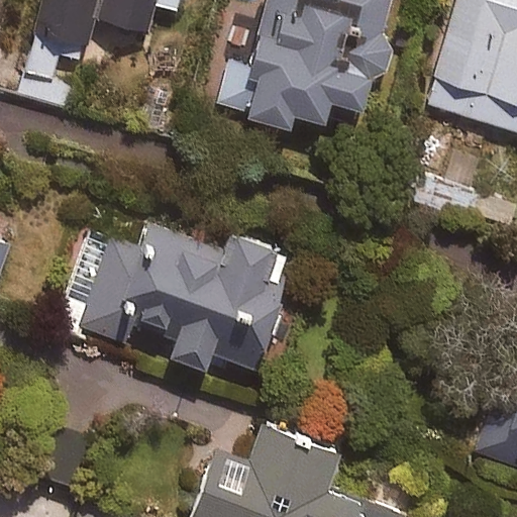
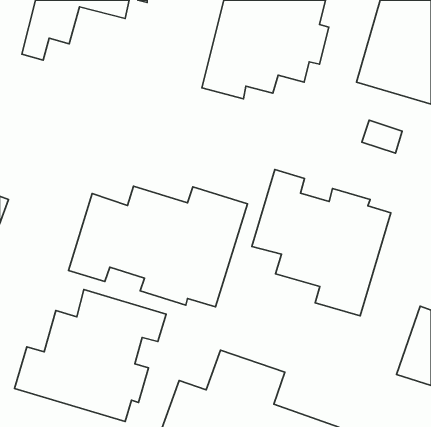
building: none -> [252,170,391,316]
building: none -> [14,289,166,421]

